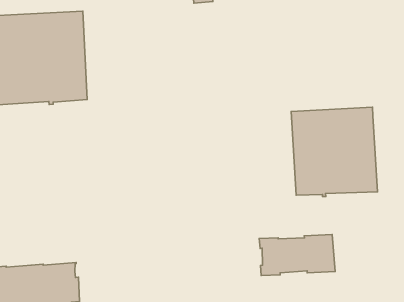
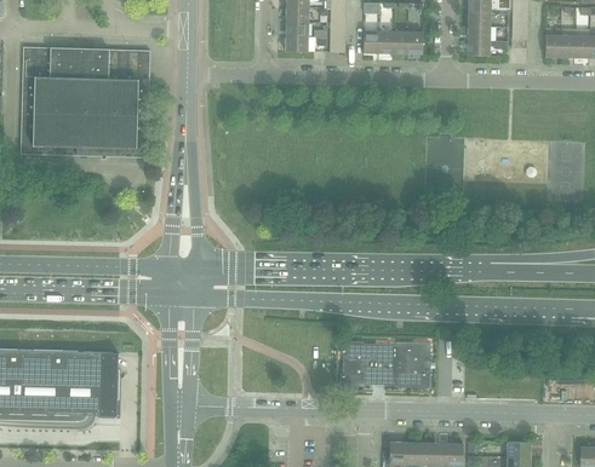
building: [291,107,378,197] -> none

